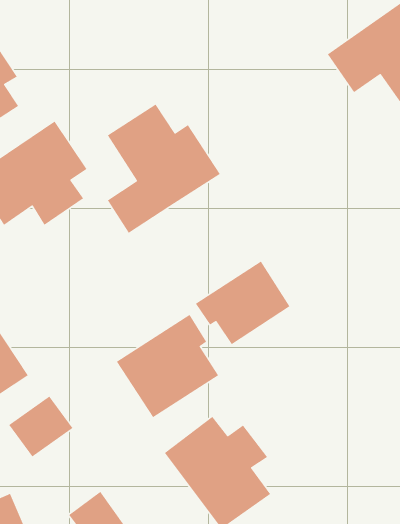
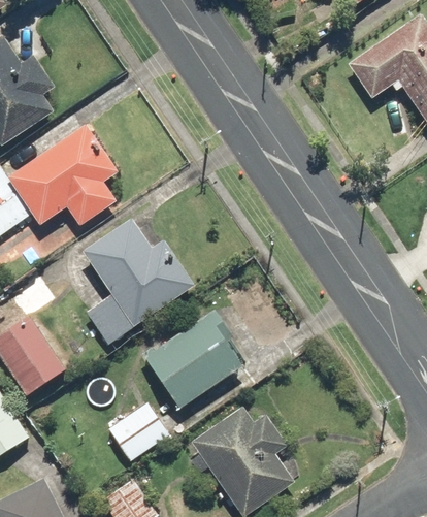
building: [107,104,221,234] -> [86,219,194,343]
building: [195,261,291,345] -> none
building: [8,396,73,457] -> [107,401,169,460]

